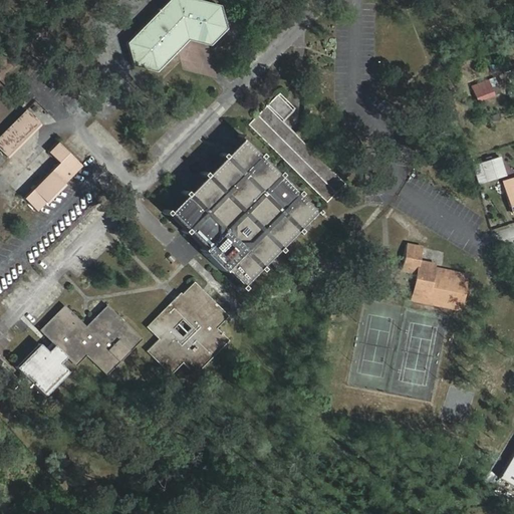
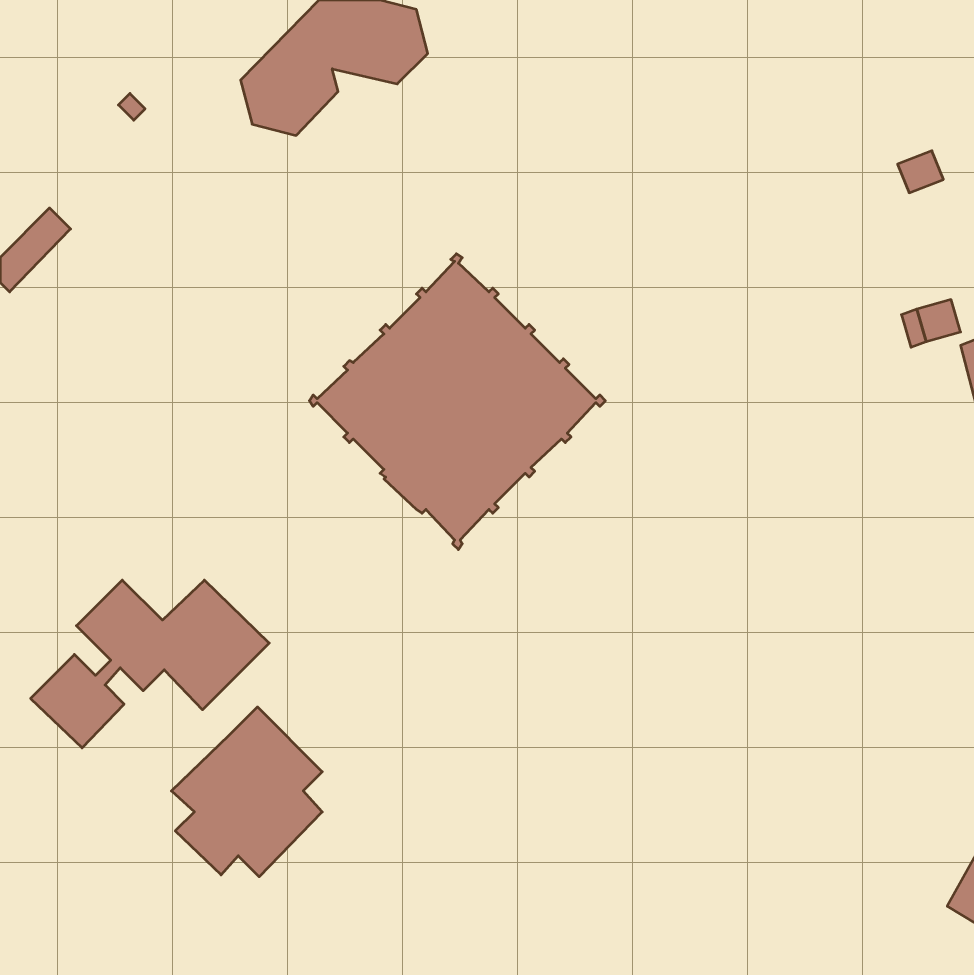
building: [250,92,347,202] -> none
building: [25,143,83,211] -> none
building: [403,244,469,306] -> none
building: [148,283,227,372] -> [171,707,322,877]

